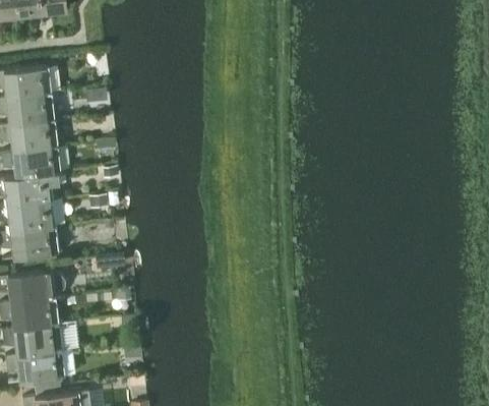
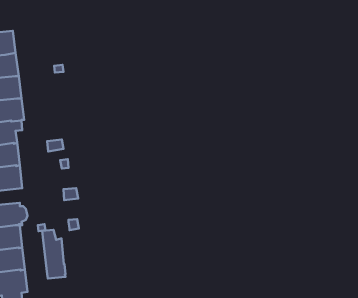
building: none -> [42,230,66,279]

